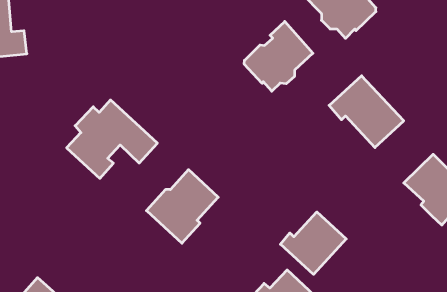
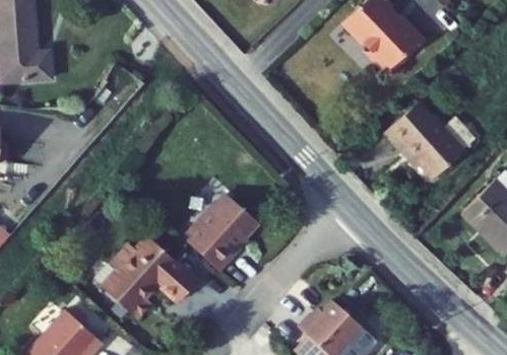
building: [244,21,313,91] -> none
building: [67,100,157,178] -> [101,238,197,322]
building: [280,212,346,274] -> none

